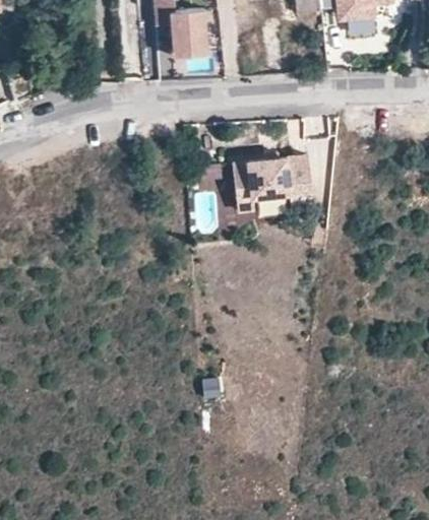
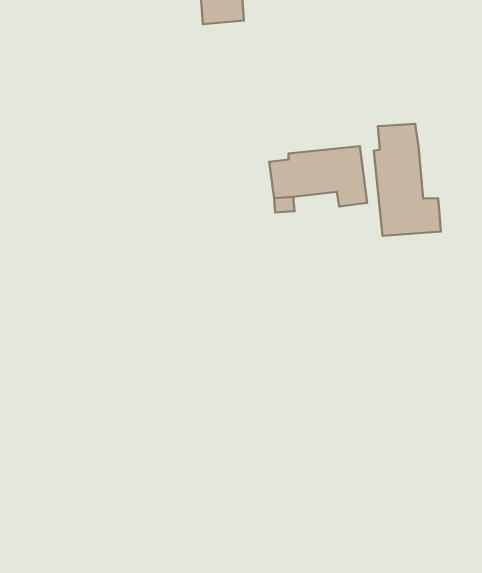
building: none -> [374,124,441,236]

